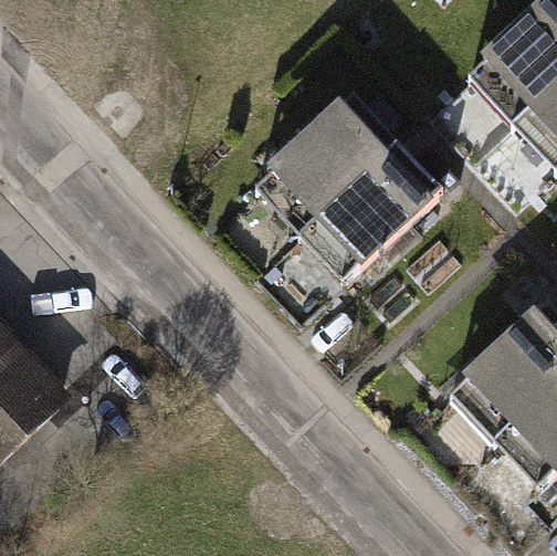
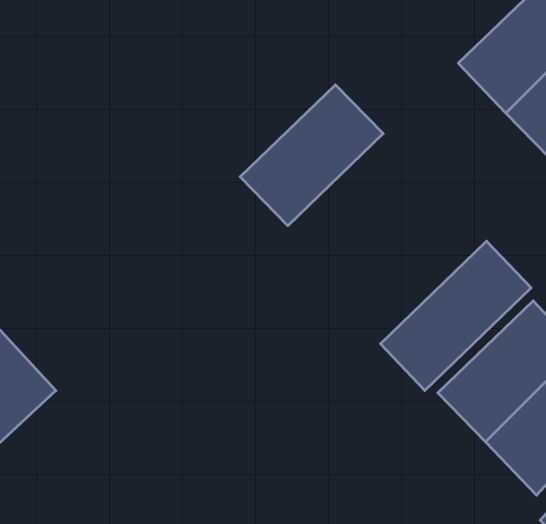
building: [302,138,444,280] -> none
building: none -> [380,241,531,391]

